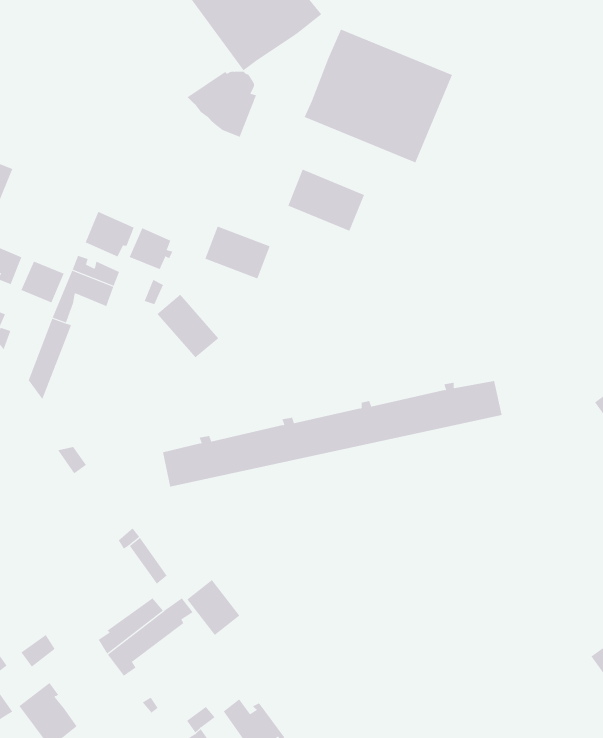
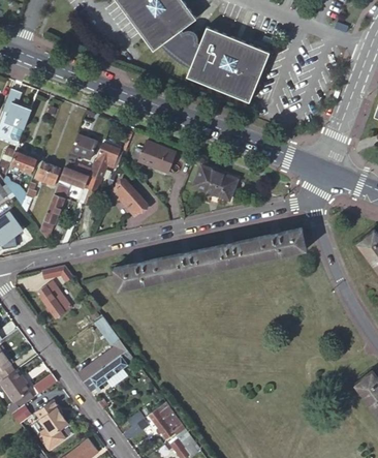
building: [187,71,257,138] -> [168,34,208,71]
building: [287,169,365,231] -> [194,161,238,196]
building: none -> [37,282,70,318]
building: [186,579,240,636] -> none

